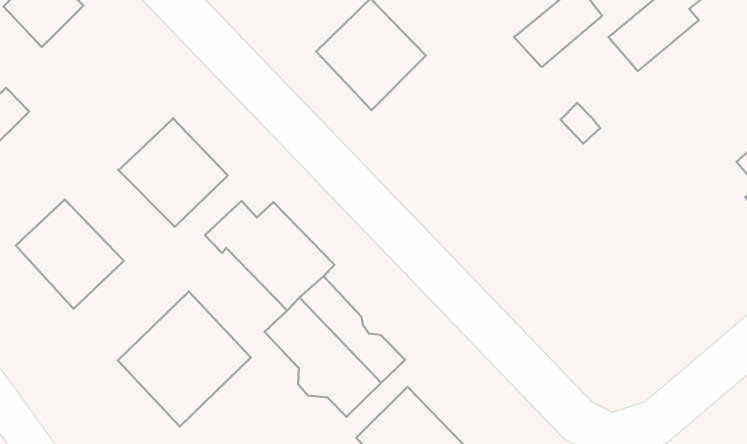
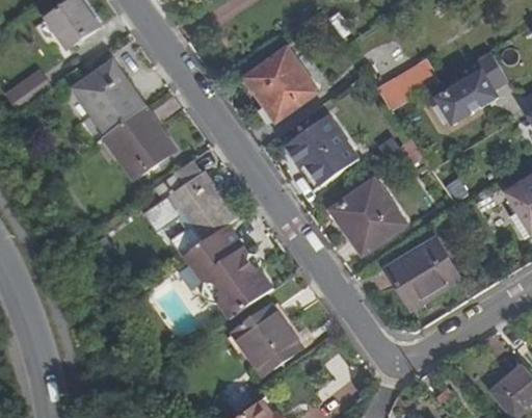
building: none -> [284,113,357,187]
building: none -> [330,178,403,252]
building: [16,200,124,309] -> [75,61,143,133]
building: none -> [384,239,458,308]
building: [118,291,251,426] -> none

